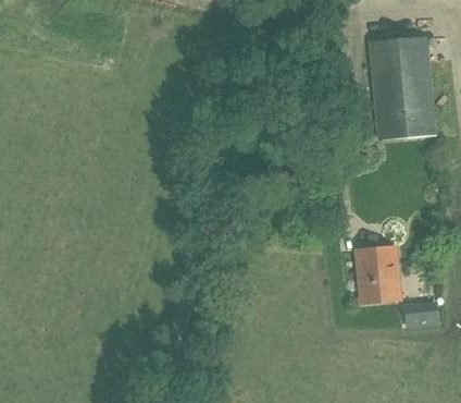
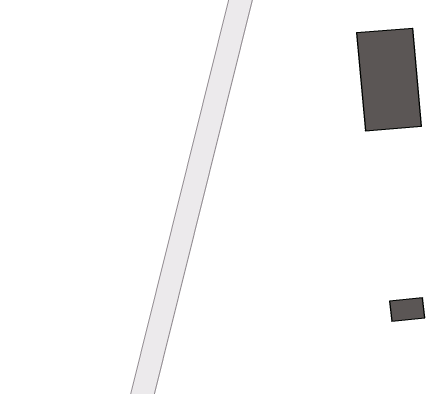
building: [358,246,400,302] -> none

